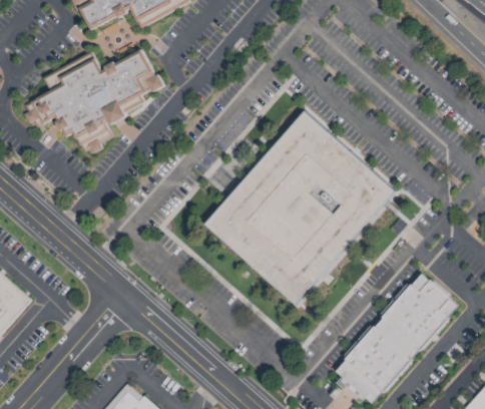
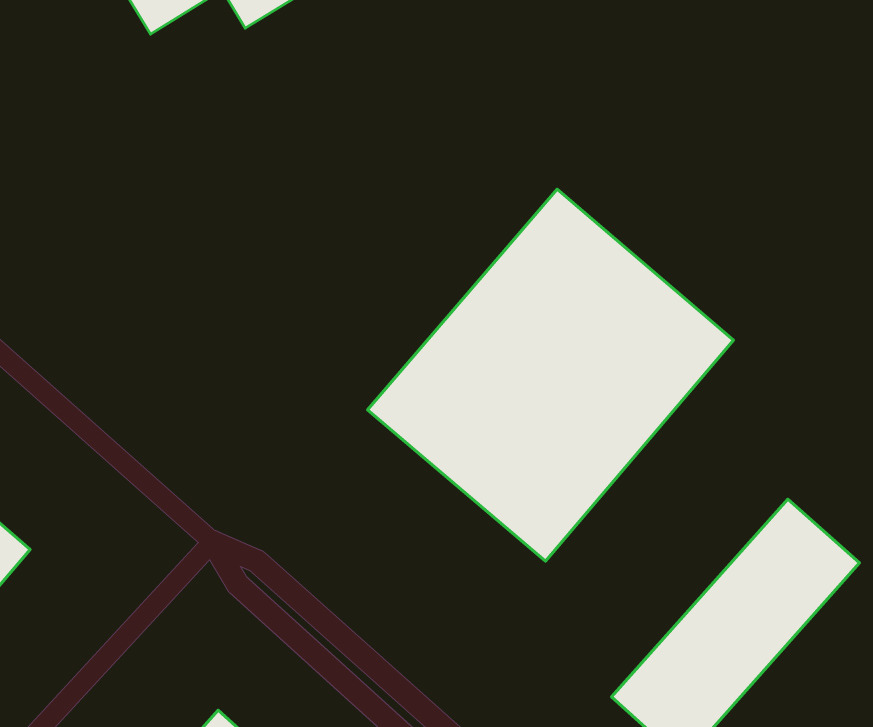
building: [24,50,164,154] -> none

